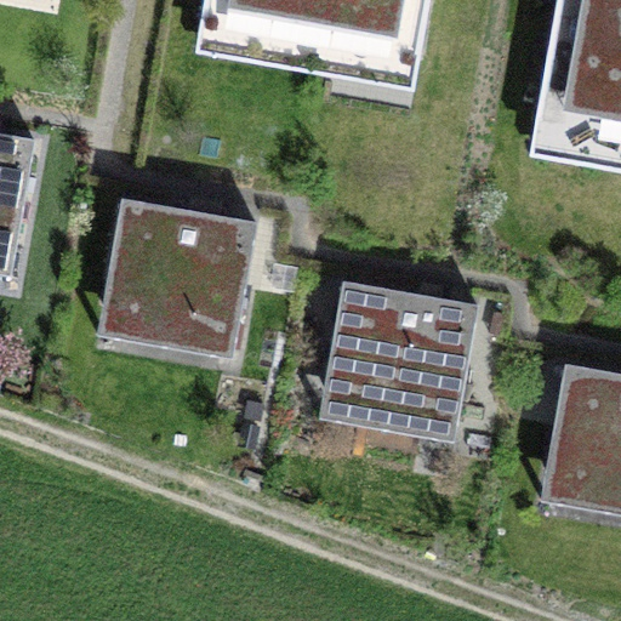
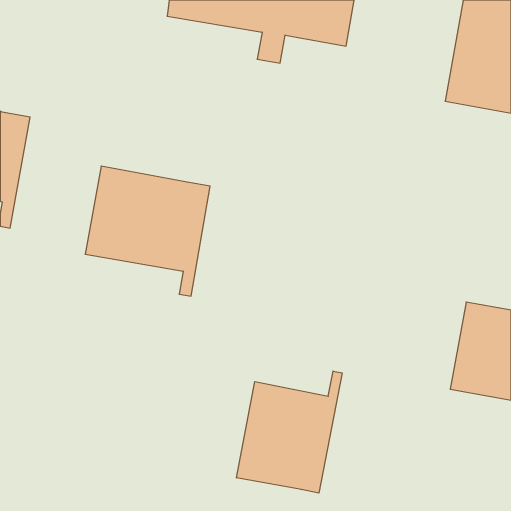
building: [325,283,479,443] -> none
building: none -> [237,371,342,493]

